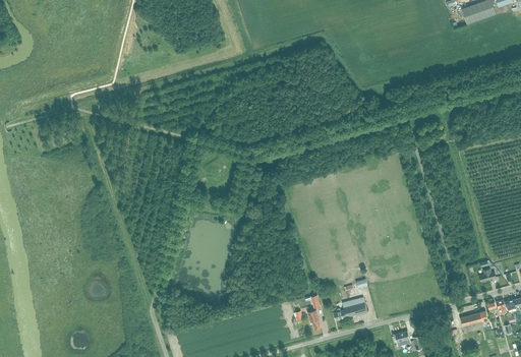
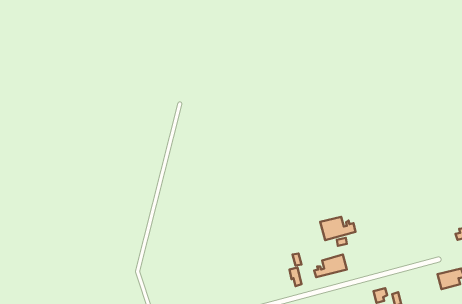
building: none -> [320,217,356,240]

